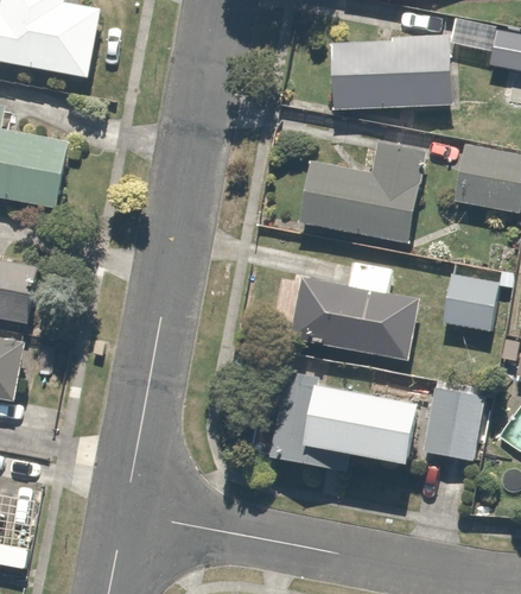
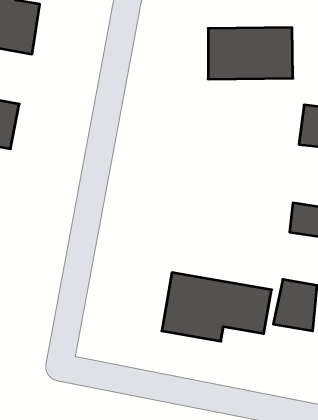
building: [297,139,422,240] -> none
building: [298,260,412,360] -> none

